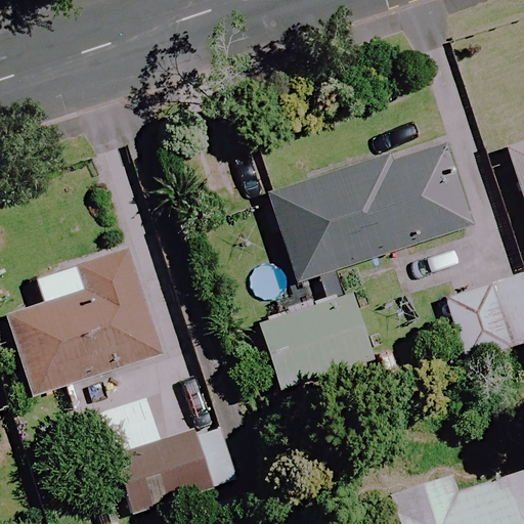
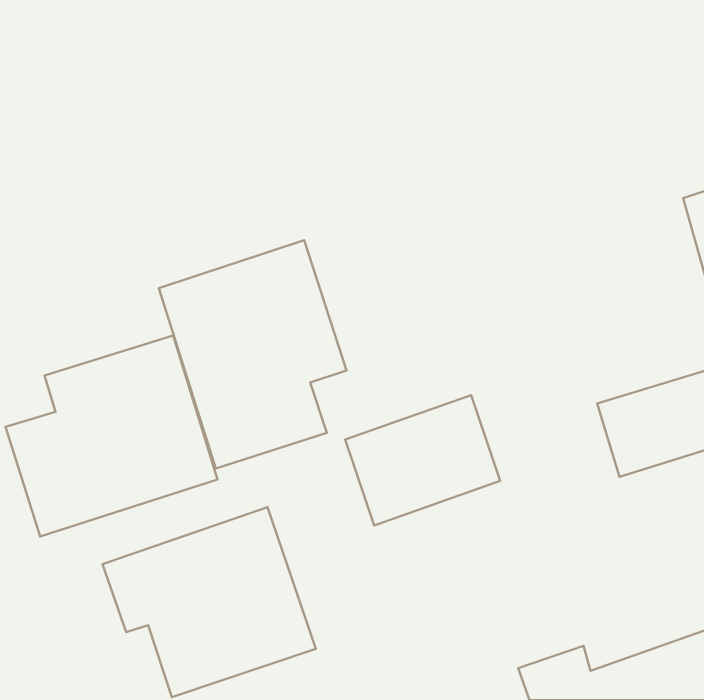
building: [268,138,472,281] -> none
building: none -> [159,240,347,469]

